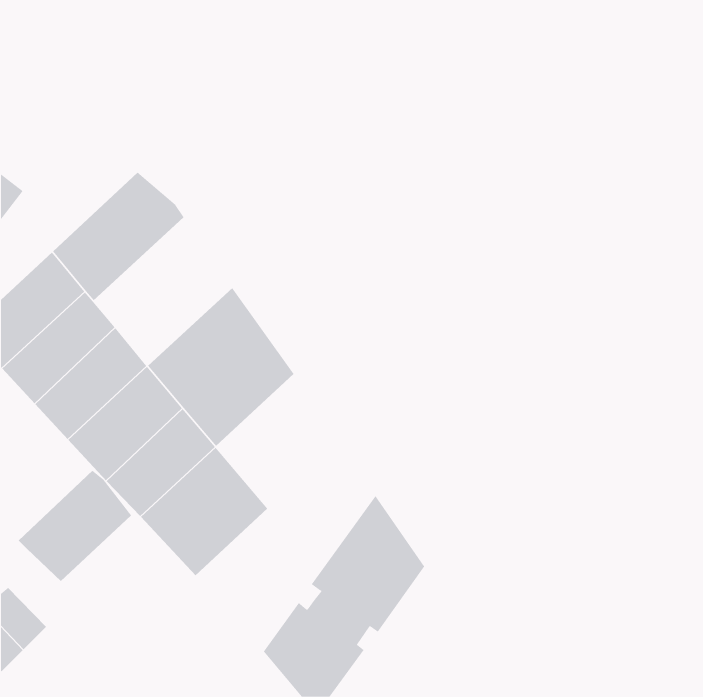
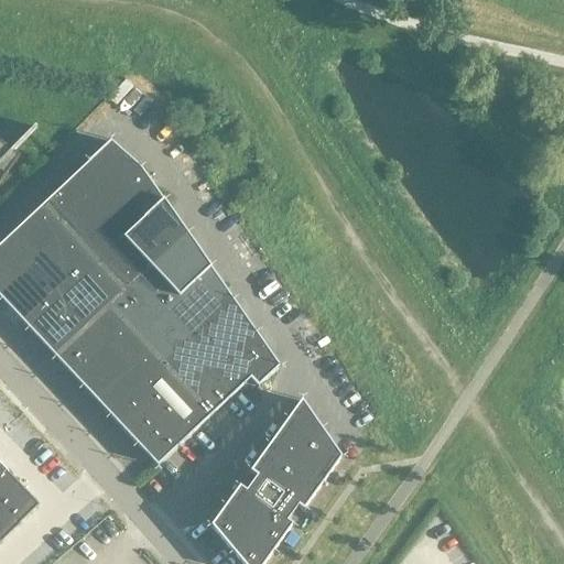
building: none -> [75,174,186,293]
building: none -> [173,300,279,408]
building: [18,470,132,582] -> none

